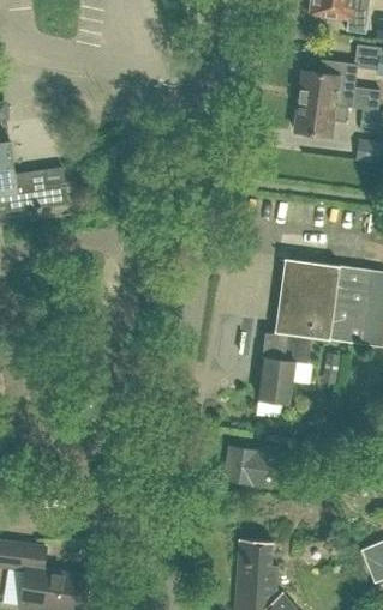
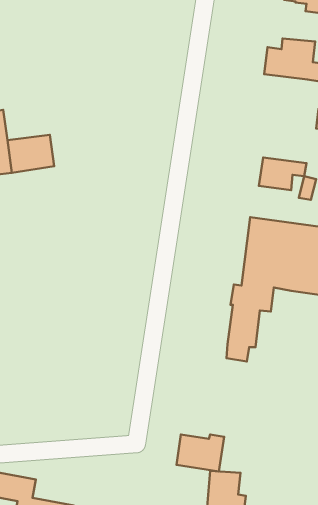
building: [294,99,347,135] -> [259,158,306,190]
building: [225,445,277,485] -> [176,435,224,471]

